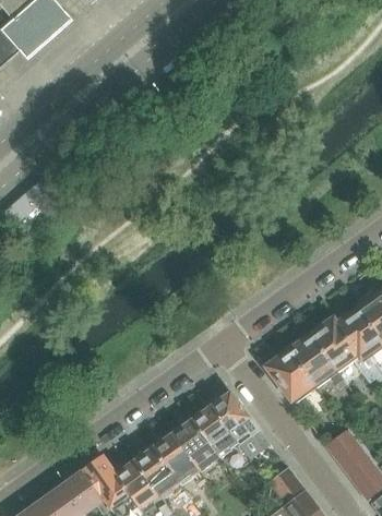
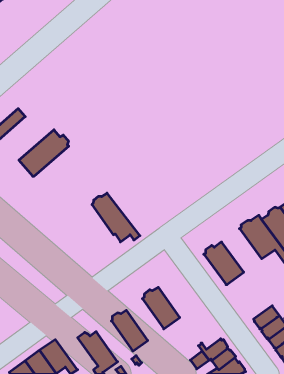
building: none -> [19,130,69,176]
building: [287,334,346,391] -> none
building: [210,392,268,452] -> [92,193,140,242]
building: [170,420,216,471] -> none
building: [133,447,178,497] -> none
building: [83,456,129,507] -> none

